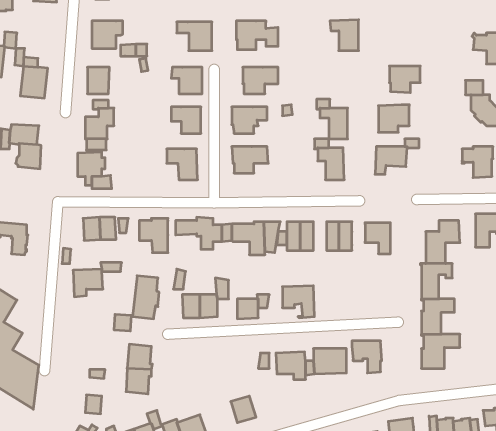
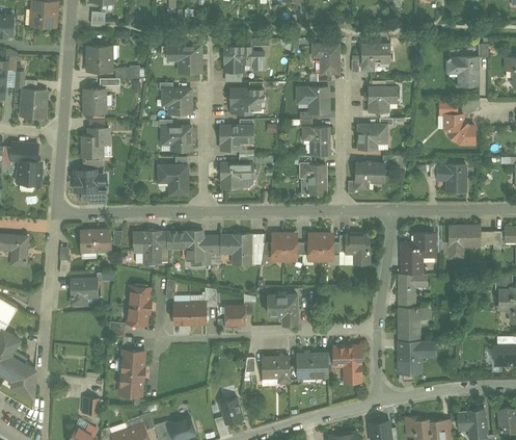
building: none -> [360,44,389,71]
building: none -> [296,87,328,112]

